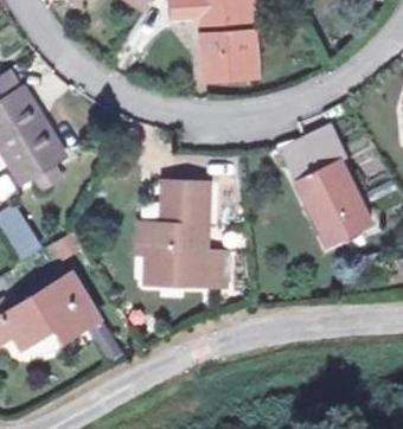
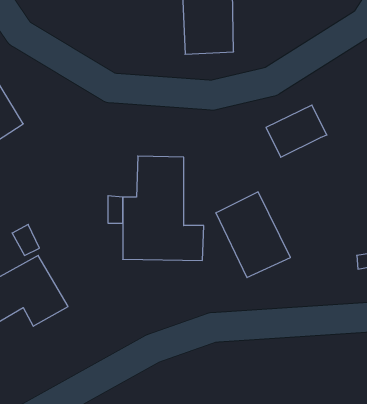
building: [302,161,373,243] -> [216,192,290,278]

